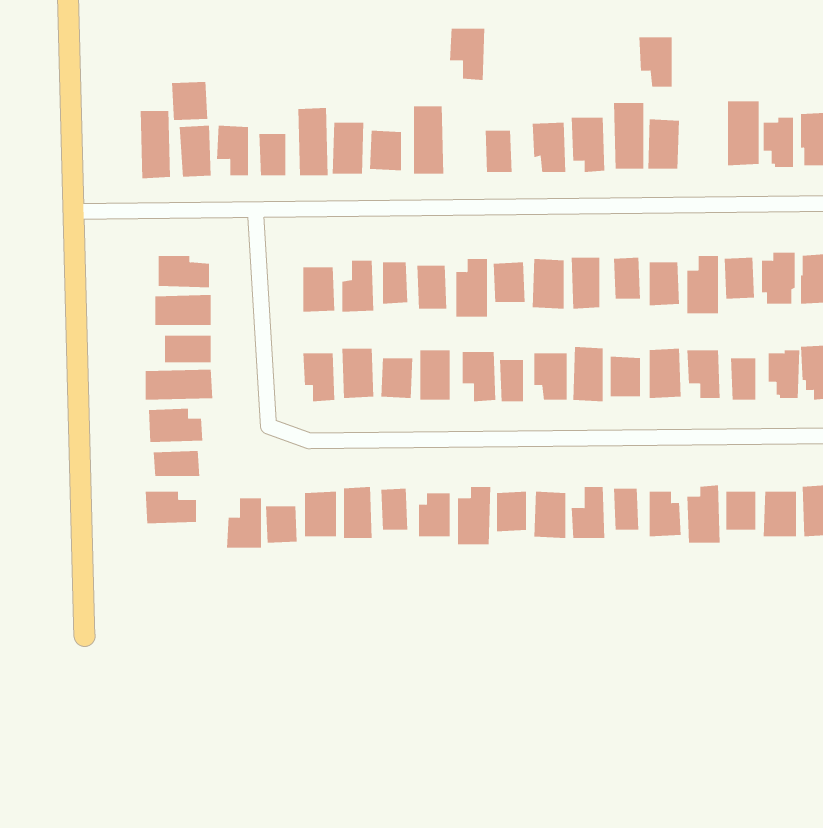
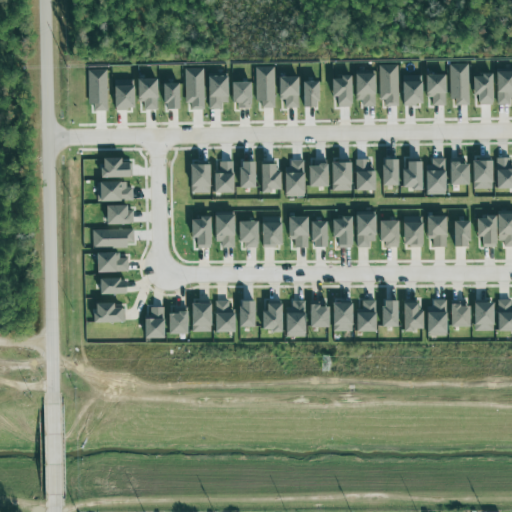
building: [449,28,485,80] -> [279,75,301,107]
building: [638,37,673,87] -> [426,73,447,104]
building: [172,81,208,121] -> none

